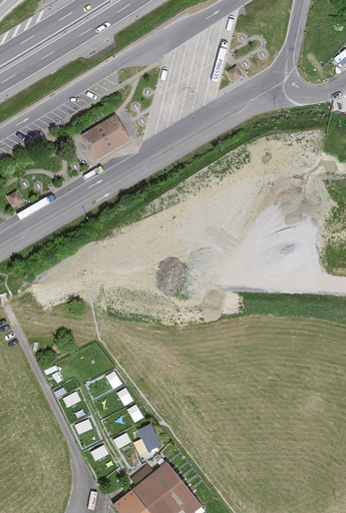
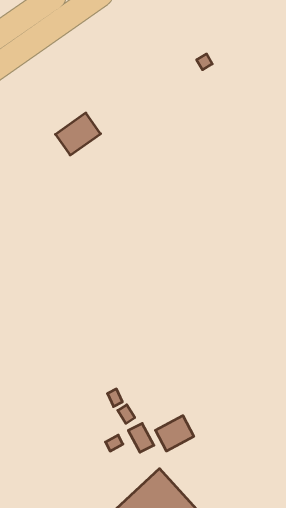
building: none -> [155,416,194,451]

